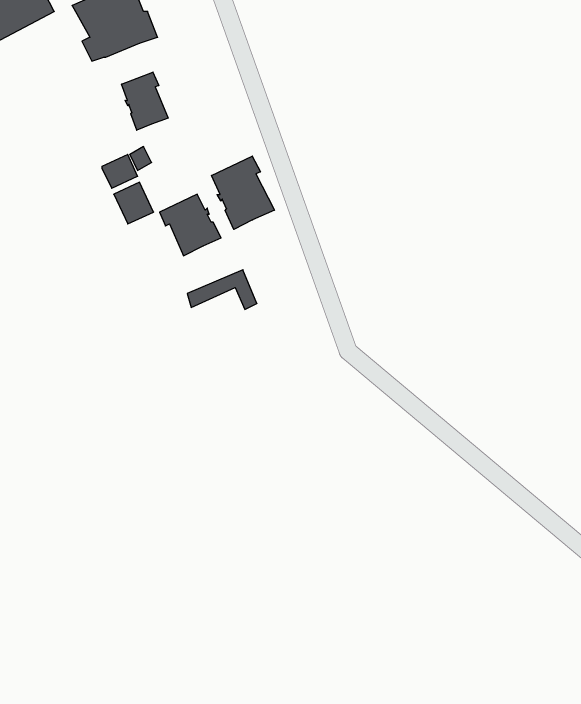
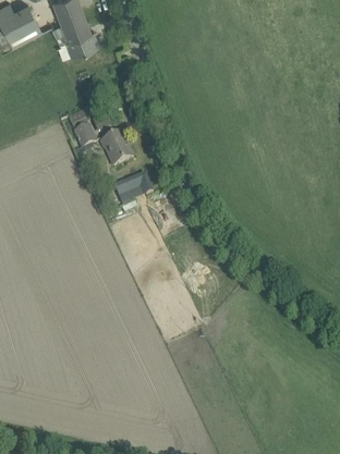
building: [122,72,168,130] -> none
building: [212,156,274,229] -> none

